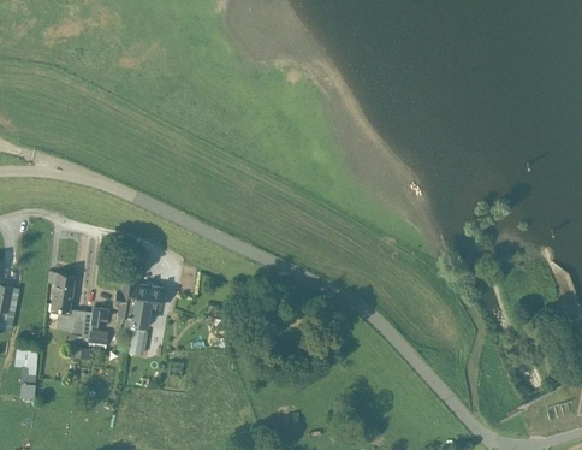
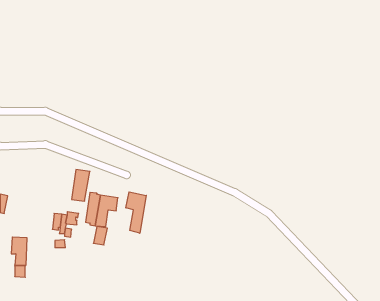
building: [51,272,76,315] -> [72,170,90,201]
building: none -> [126,192,146,233]

